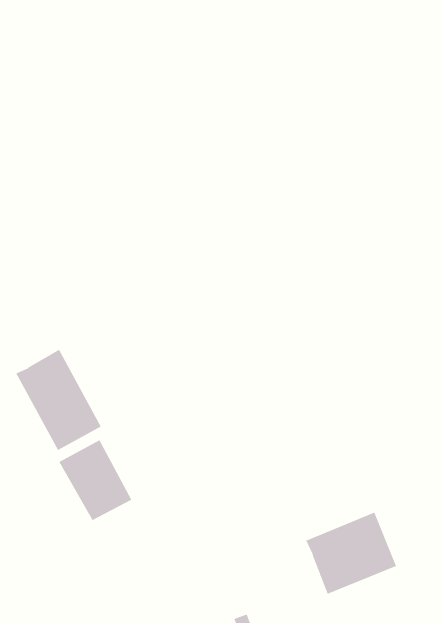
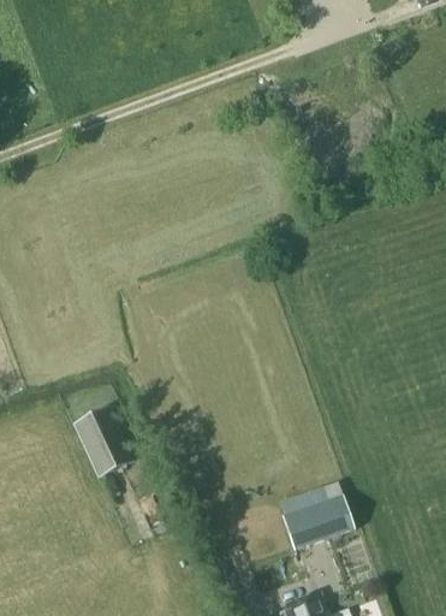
building: [15,349,102,451] -> none

